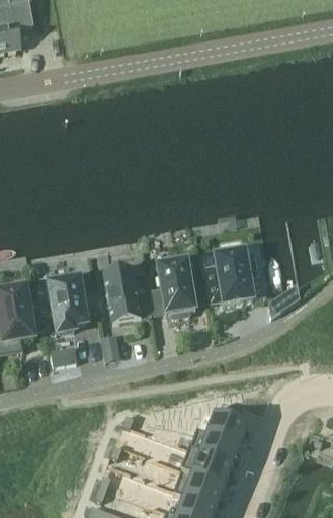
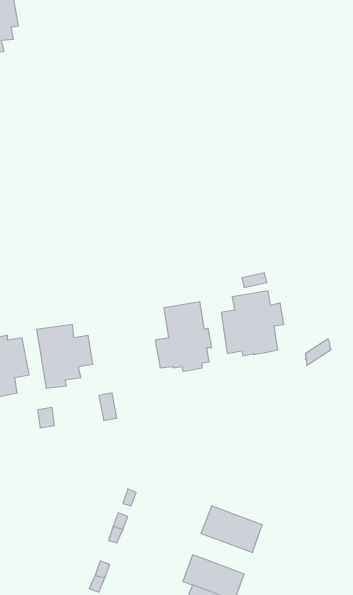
building: [102,268,151,321] -> none
building: [204,403,246,445] -> none
building: [189,455,231,487] -> none

